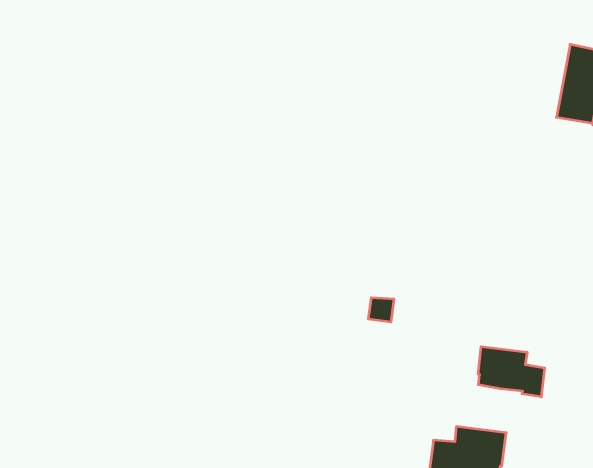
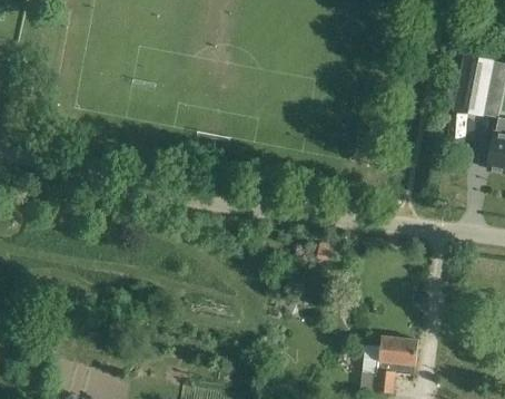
building: [478,347,545,397] -> none

